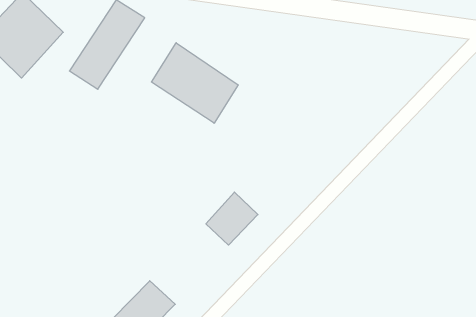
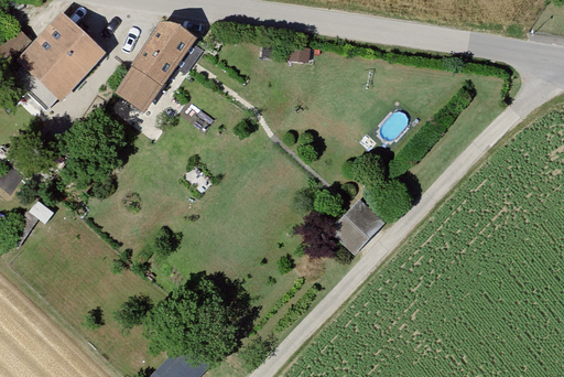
building: [151,43,238,123] -> none
building: [206,192,258,245] -> [329,195,386,252]

